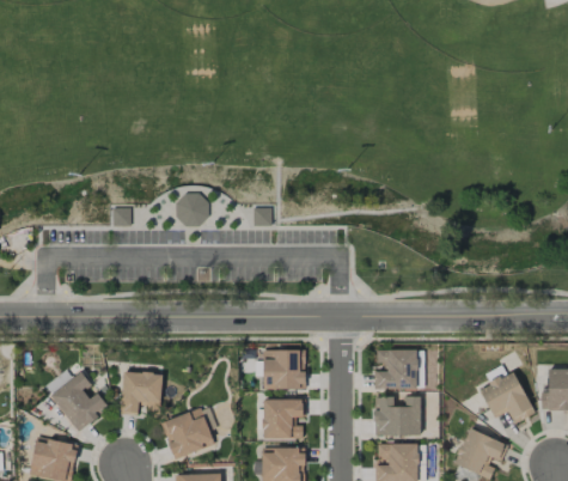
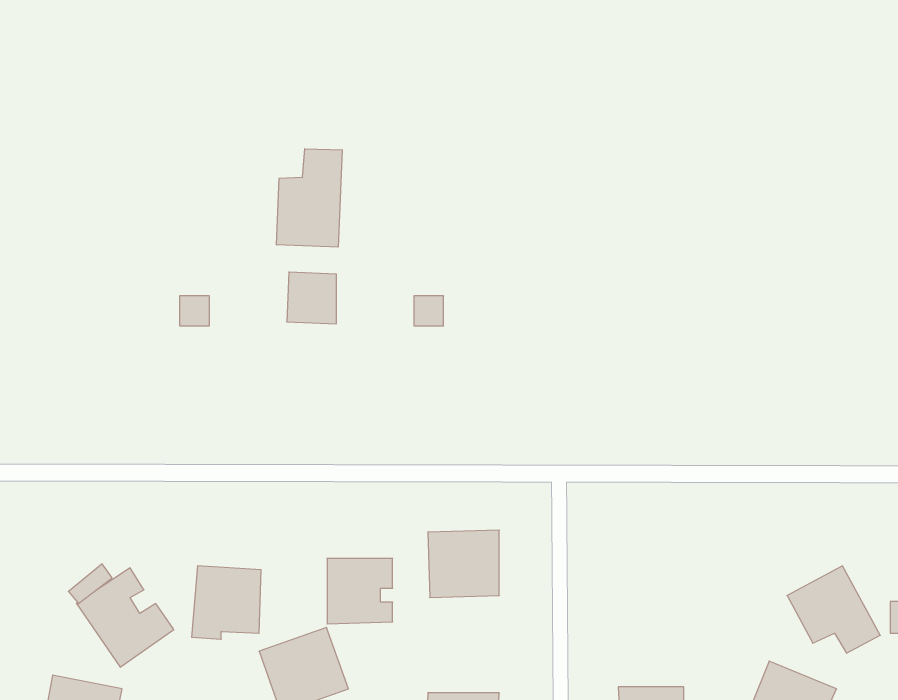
building: none -> [277,149,342,247]
building: [375,349,419,390] -> none
building: [375,396,422,436] -> none
building: [264,400,304,439] -> [327,558,393,624]

